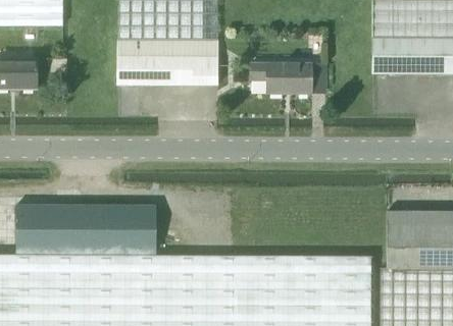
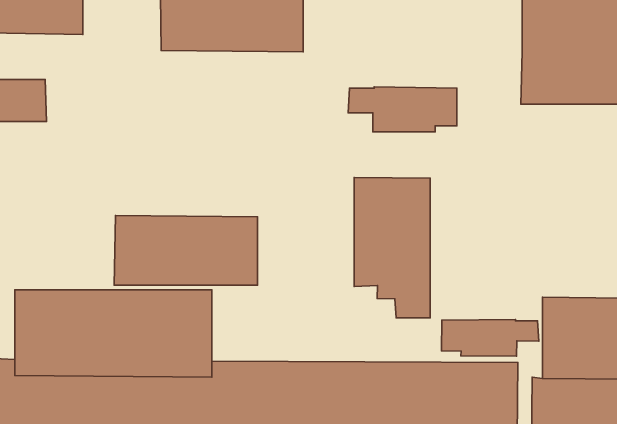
building: [116,37,217,86] -> [114,216,258,285]
building: none -> [354,178,430,318]
building: none -> [442,320,539,356]

